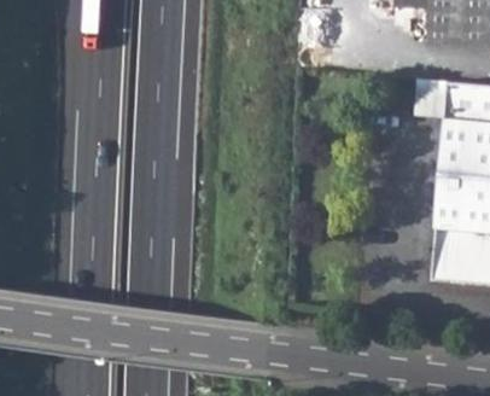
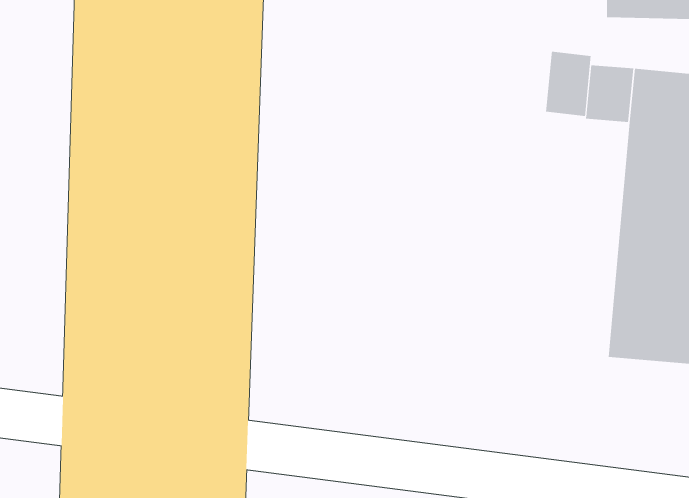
building: none -> [546,51,591,117]

